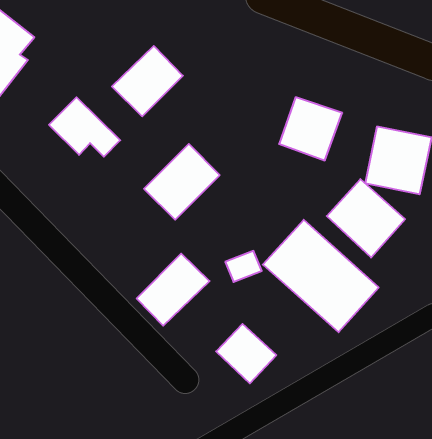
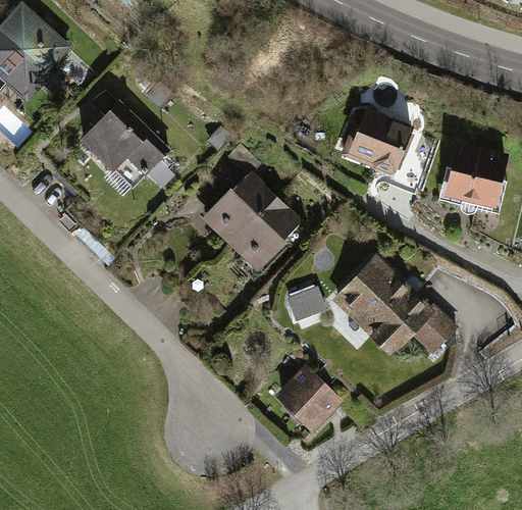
building: [112,46,183,116] -> none
building: [327,179,405,258] -> none
building: [137,254,210,326] -> [227,196,309,276]

